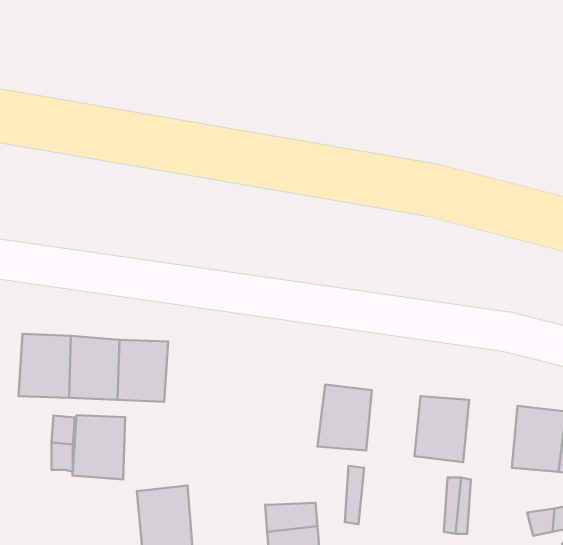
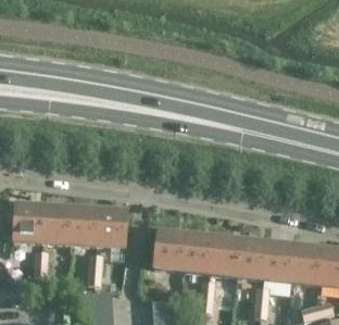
building: none -> [154,232,186,268]
building: none -> [209,237,239,274]
building: none -> [263,242,293,280]
building: [73,415,125,479] -> [96,210,125,246]

